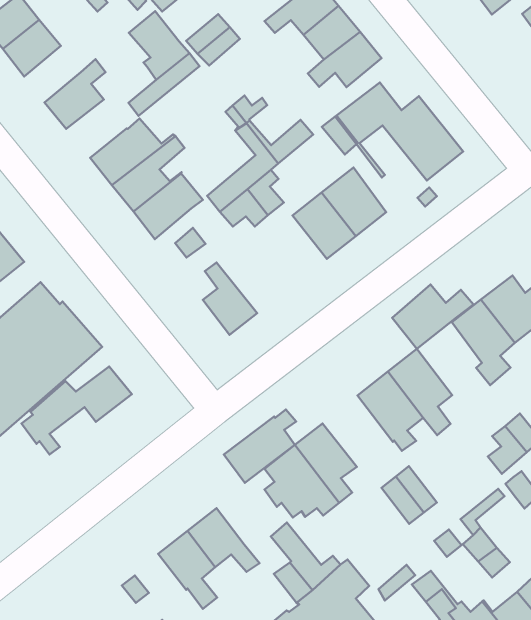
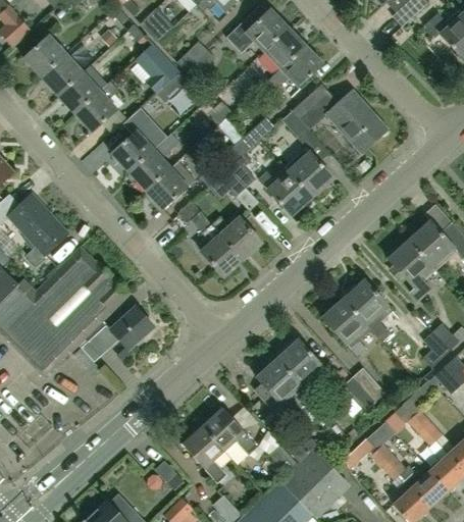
building: none -> [58,71,100,114]
building: none -> [210,214,262,260]
building: [392,284,473,349] -> none
building: [224,410,296,483] -> none

